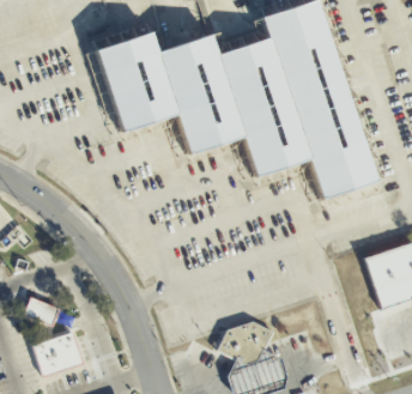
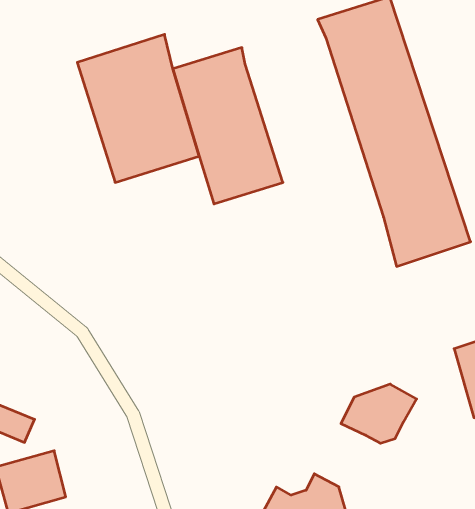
building: [213,31,314,181] -> none
building: [218,321,273,364] -> [341,384,417,443]

